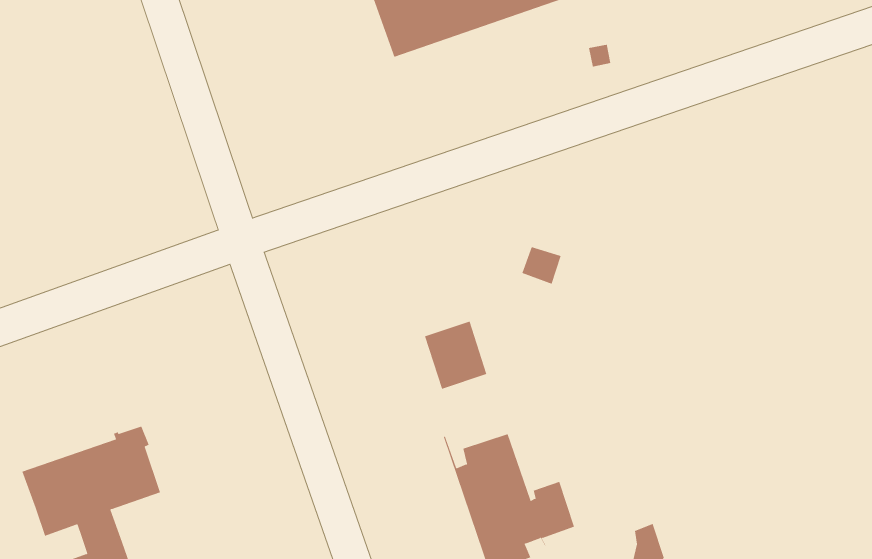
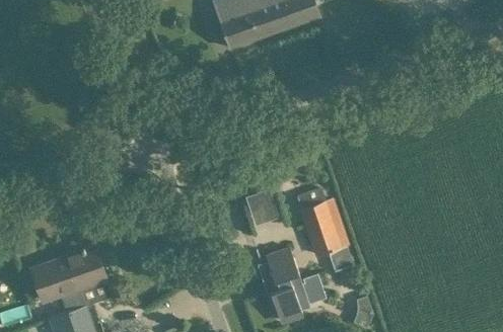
building: none -> [297,188,354,270]

